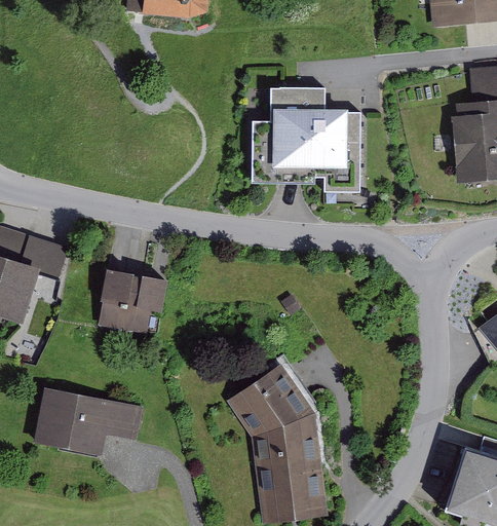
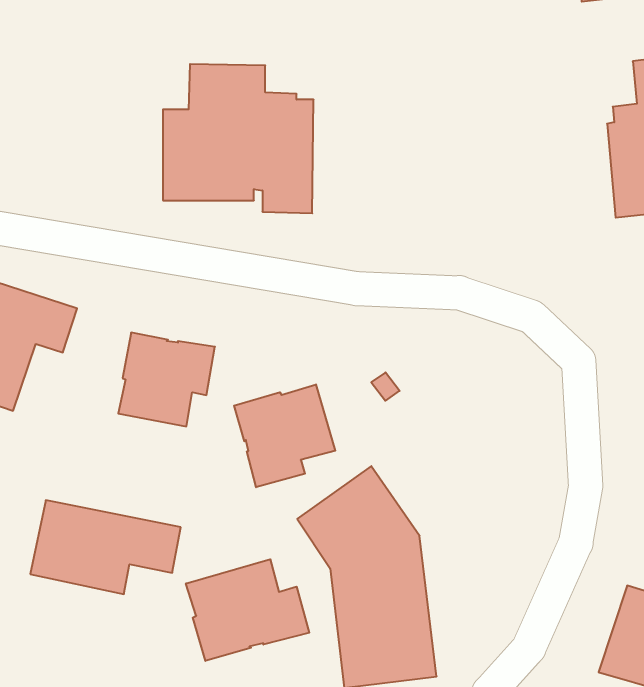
building: [252,85,360,193] -> [163,64,314,213]
building: none -> [234,384,335,487]
building: none -> [186,559,309,661]

